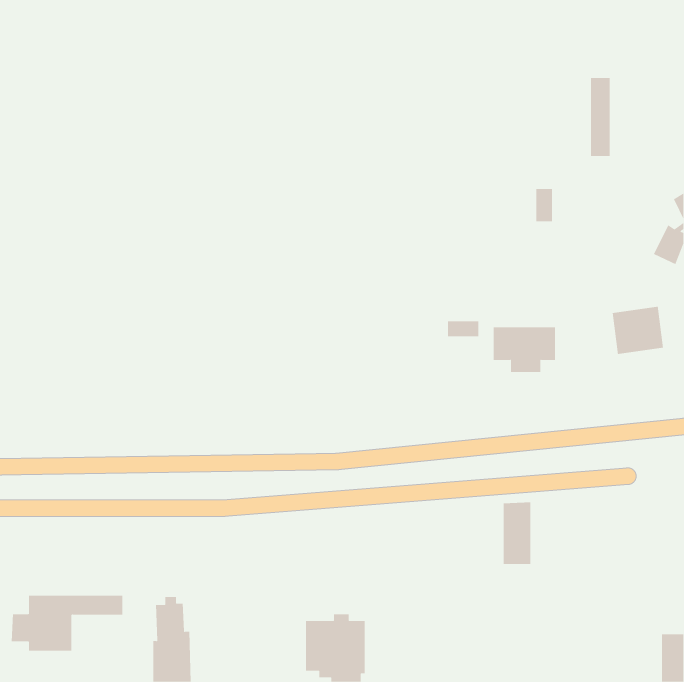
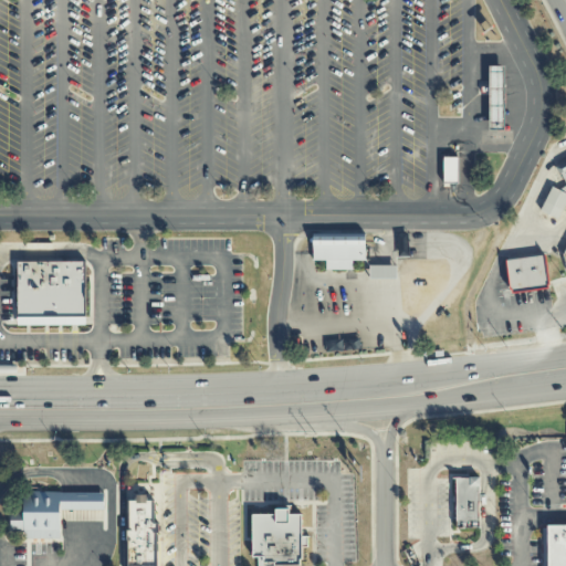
building: none -> [17,261,85,316]
building: [493,327,556,372] -> [312,232,364,270]
building: [503,502,531,565] -> [455,476,479,528]

